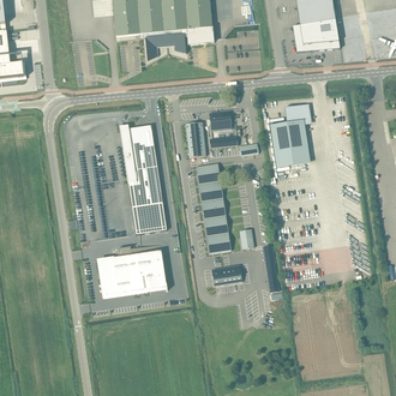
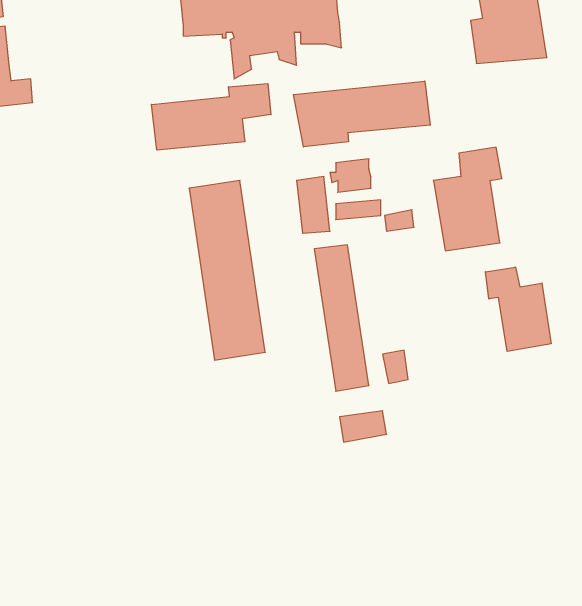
building: none -> [293,81,430,147]
building: none -> [151,84,271,150]
building: none -> [485,267,551,351]
building: [101,245,168,294] -> none

